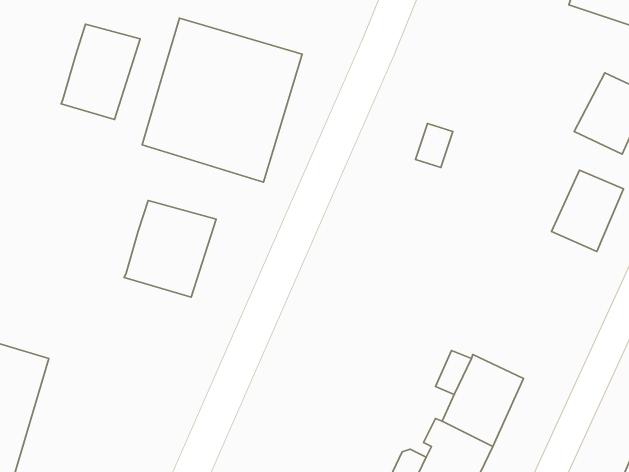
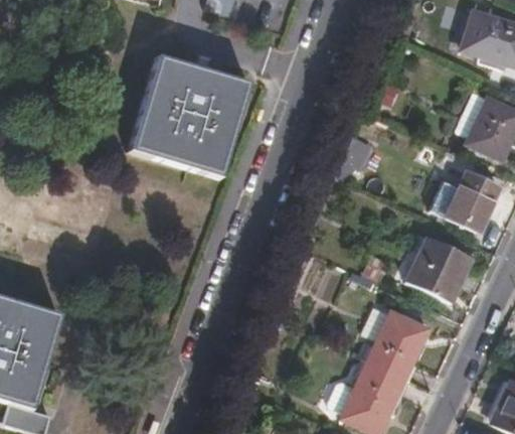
building: [61,24,140,120] -> none
building: [124,200,216,297] -> none
building: none -> [400,236,469,303]

